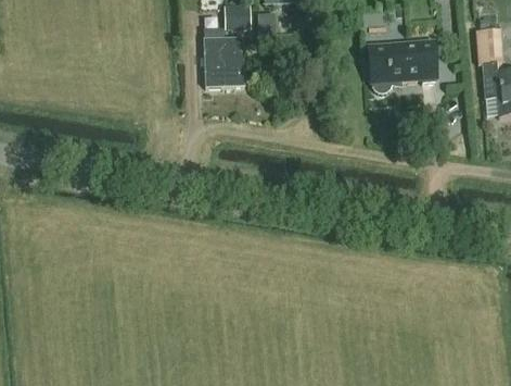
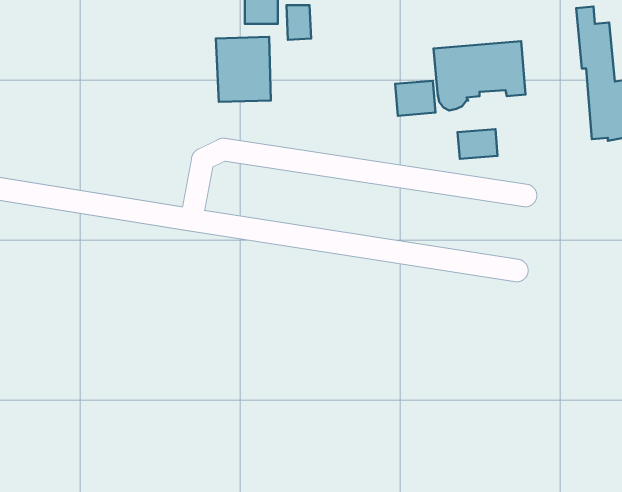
building: none -> [395,81,435,116]
building: none -> [458,129,498,159]

